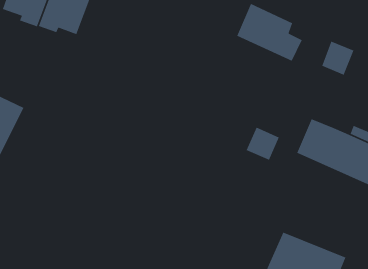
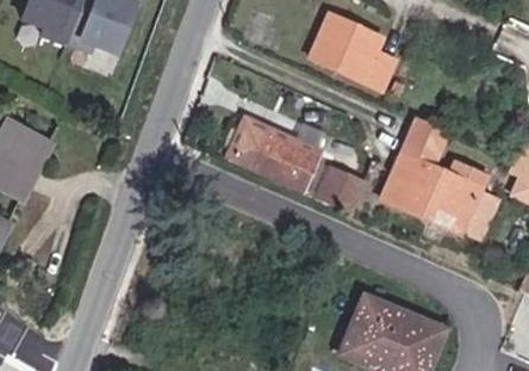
building: [321,41,355,76] -> [407,123,449,167]
building: none -> [231,122,332,197]

